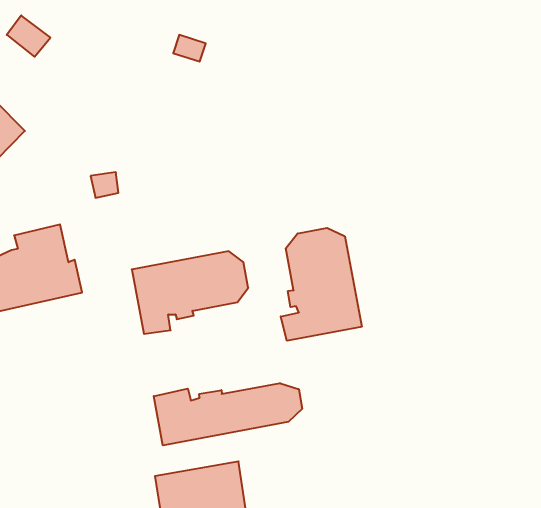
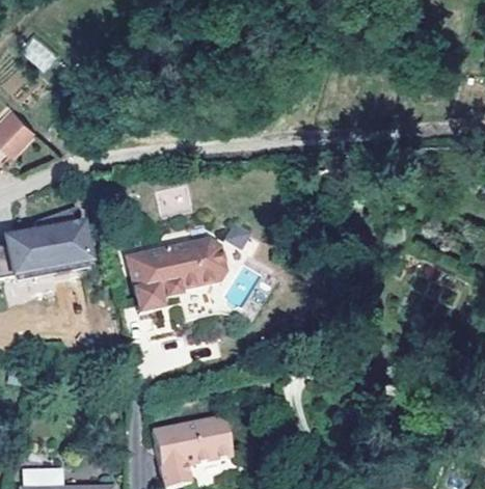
building: [281,228,362,341] -> none
building: [154,383,302,445] -> none

